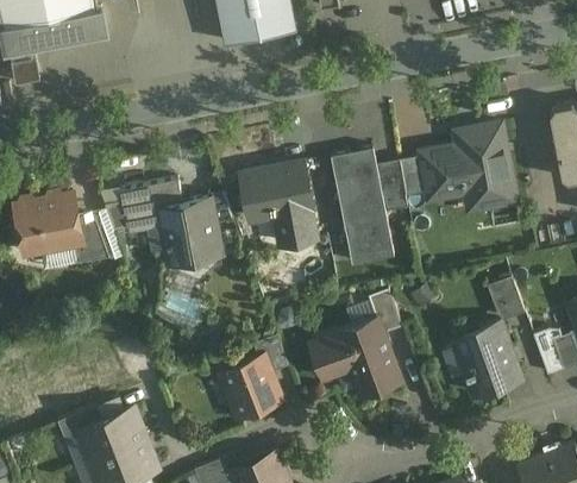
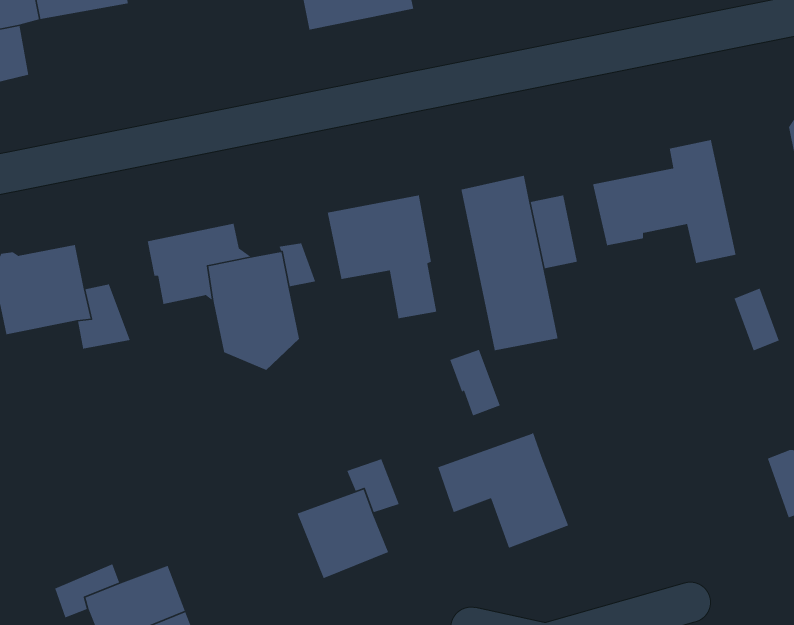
building: [397,155,425,193] -> none
building: [493,276,523,319] -> [733,287,780,352]
building: [368,288,402,333] -> [449,349,501,417]
building: [456,321,520,394] -> none

